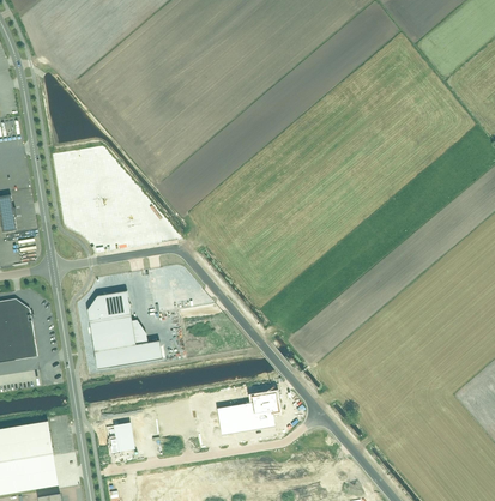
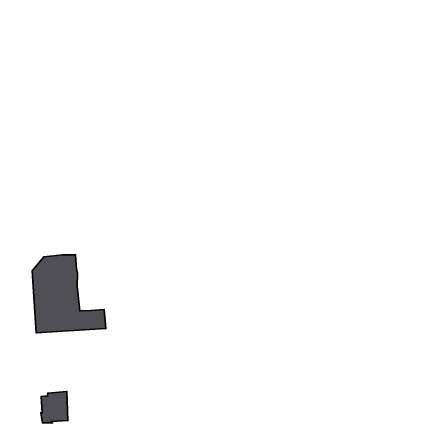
building: [216,392,278,435] -> none

